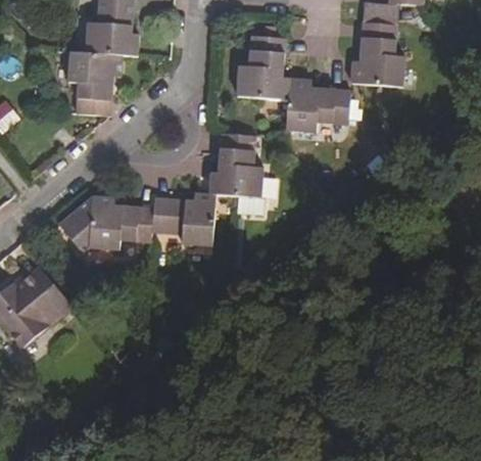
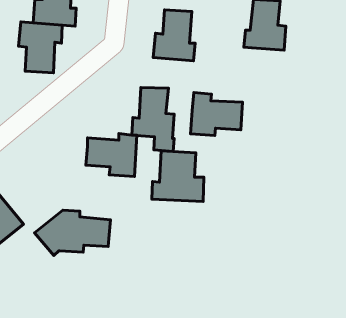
building: [285,77,350,131] -> [190,93,242,136]
building: [57,195,153,252] -> [34,210,111,256]
building: none -> [152,151,204,202]

